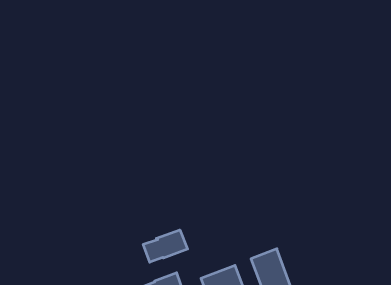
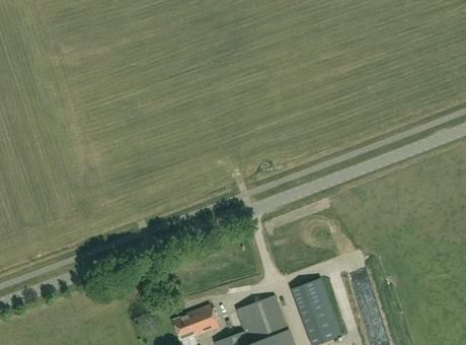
building: [143,230,188,262] -> none

